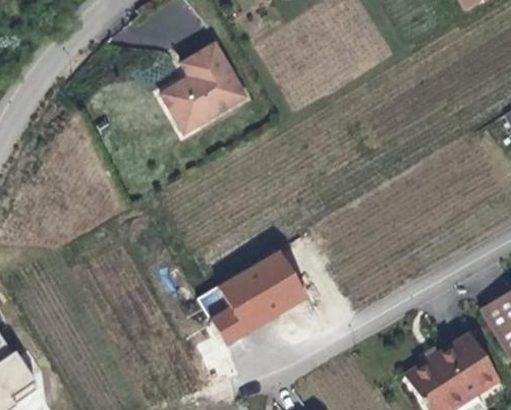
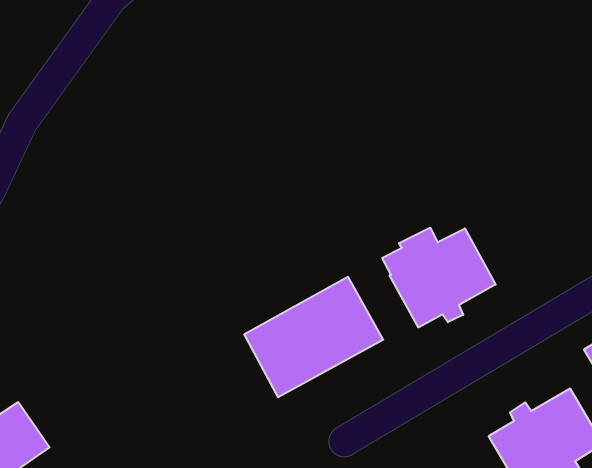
building: [159,47,246,135] -> none
building: none -> [382,228,496,327]

